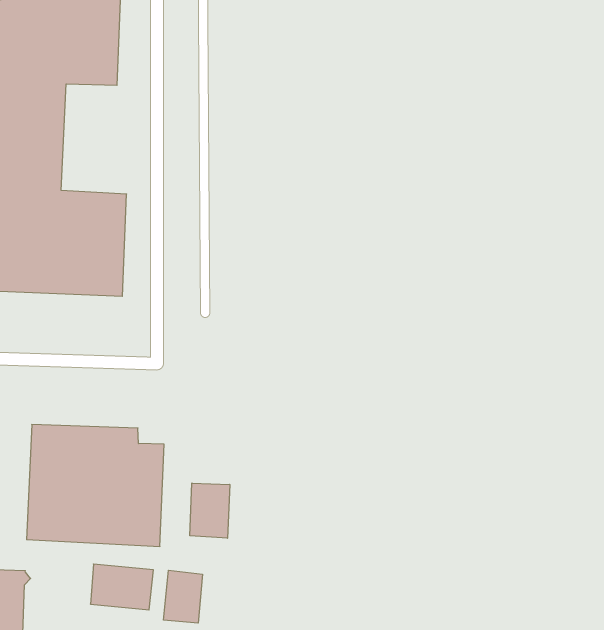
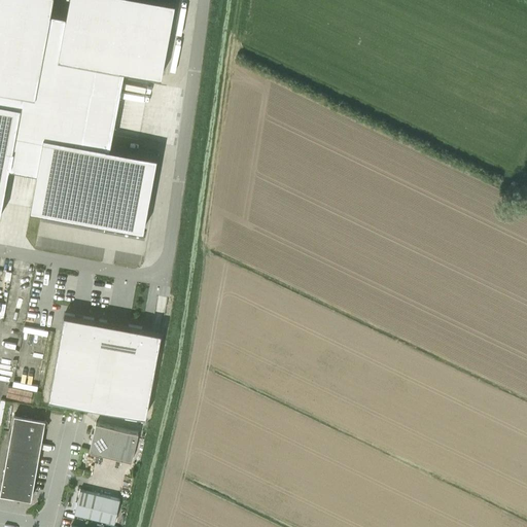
building: [190,483,230,538] -> none
building: [164,570,202,623] -> none

